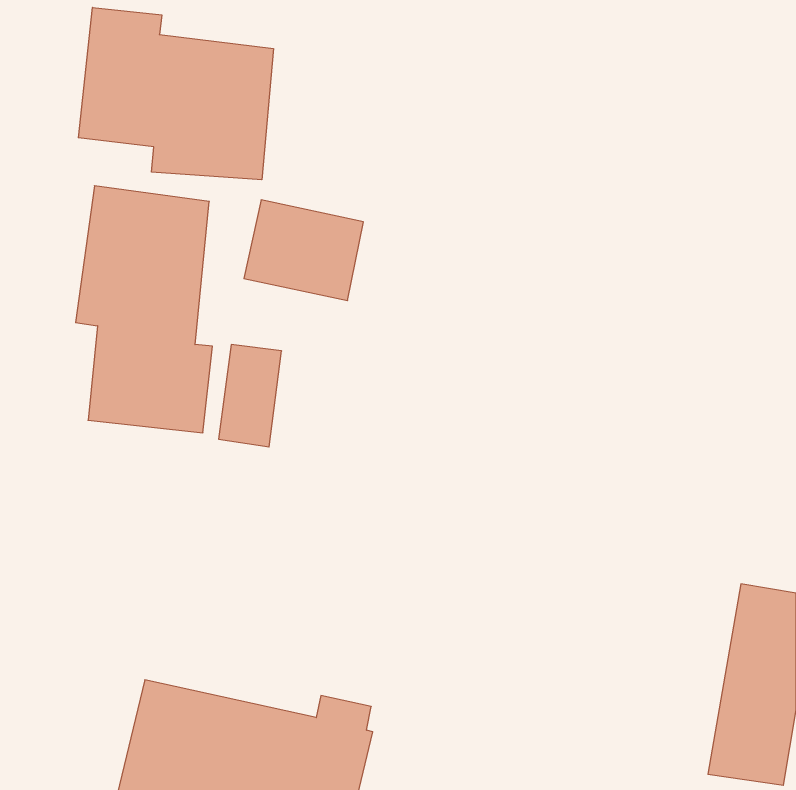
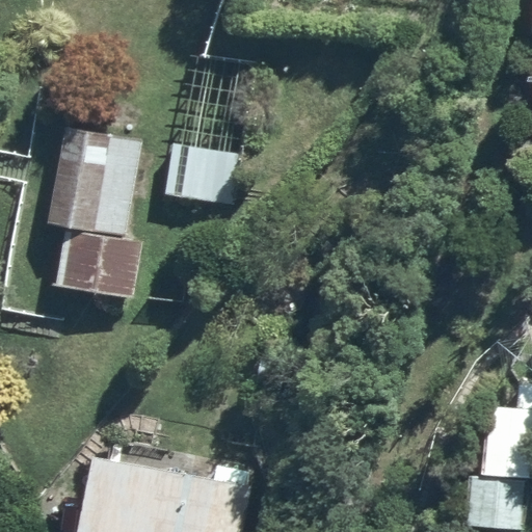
building: [78,7,273,180] -> none

